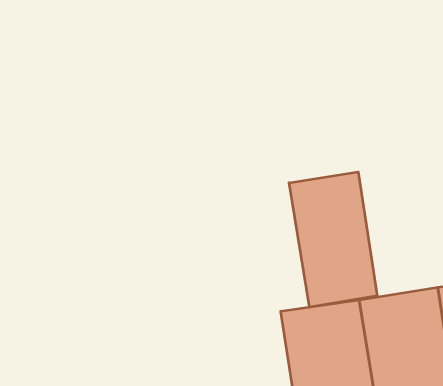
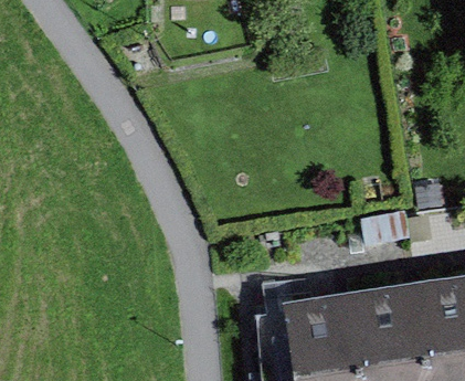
building: [289,172,377,307] -> none

